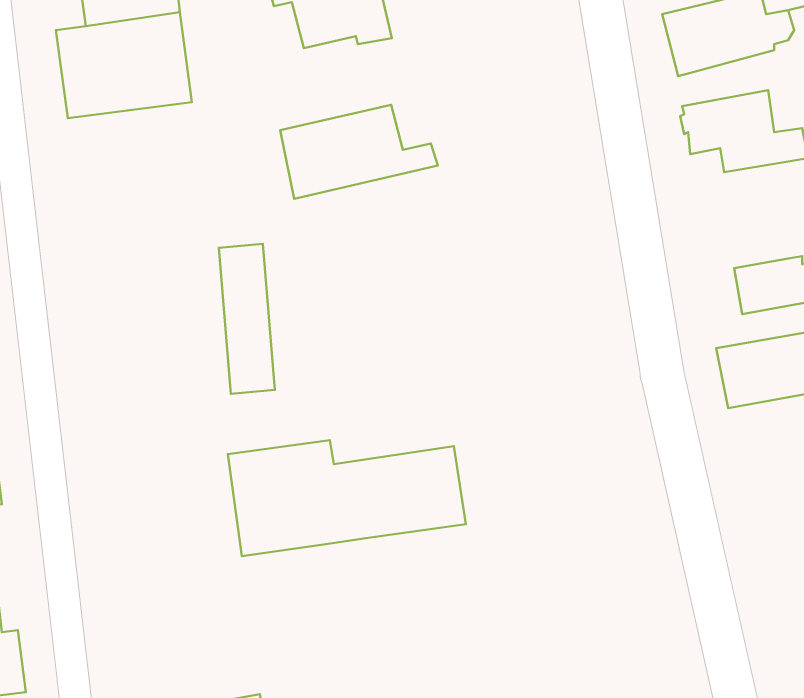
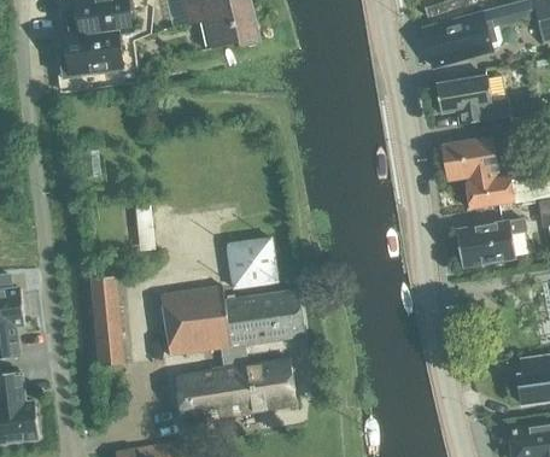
building: [280,105,438,199] -> none
building: none -> [441,134,499,184]
building: [219,244,275,394] -> [89,276,123,367]
building: none -> [226,238,276,288]
building: none -> [175,345,296,422]

